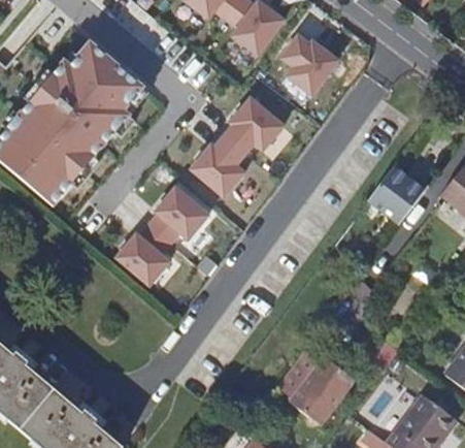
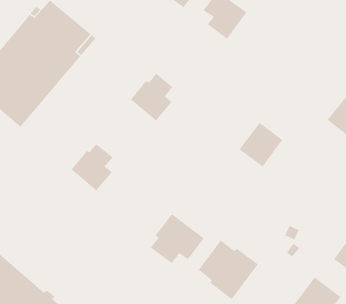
building: [224,98,284,154] -> none
building: [369,162,426,220] -> [238,122,283,168]
building: [148,187,208,243] -> none
building: none -> [150,213,205,264]

